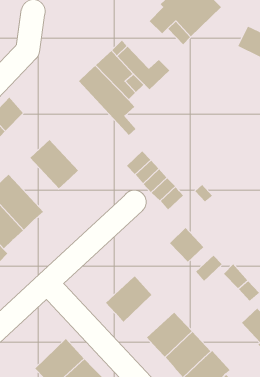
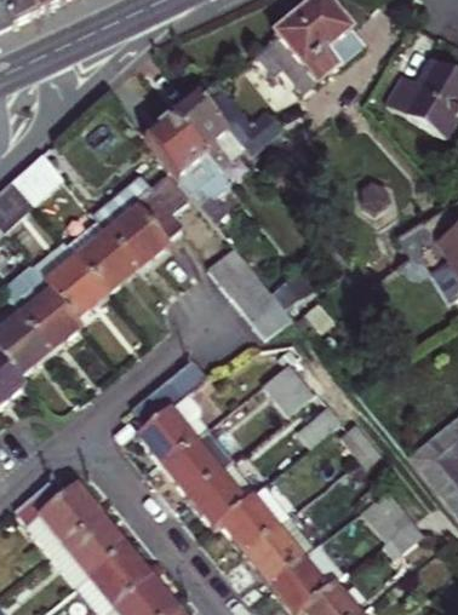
building: none -> [92,173,188,269]
building: none -> [34,241,107,318]
building: none -> [132,358,208,466]
building: none -> [188,461,257,528]
building: none -> [15,477,102,556]

